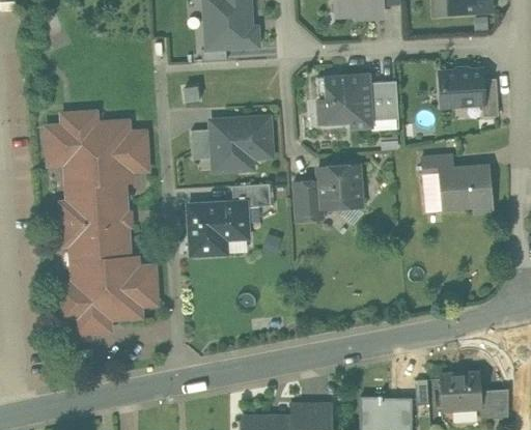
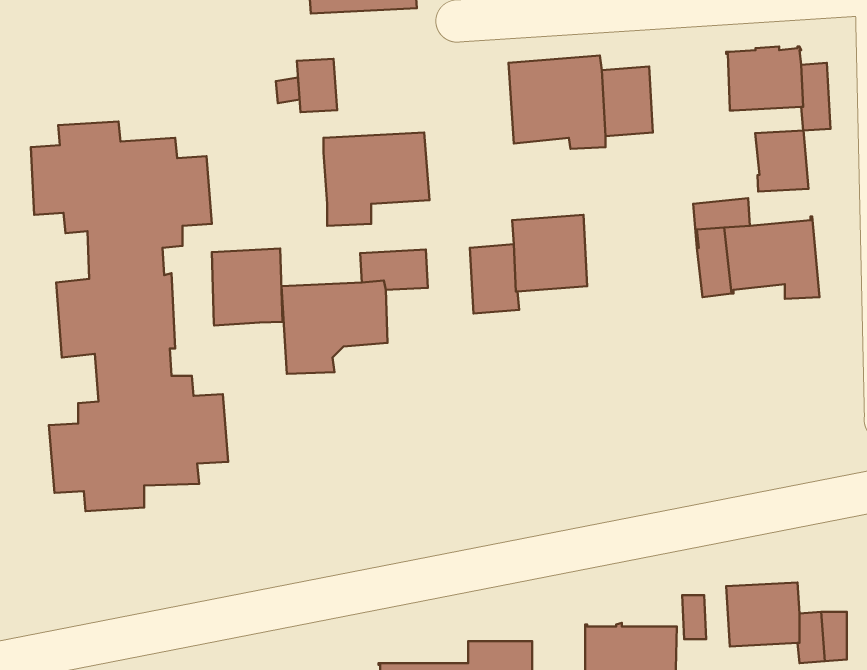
building: none -> [755,131,808,191]
building: [191,130,214,160] -> [297,59,337,112]
building: none -> [212,248,282,325]

